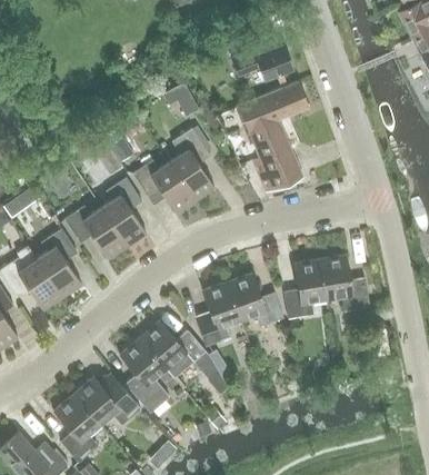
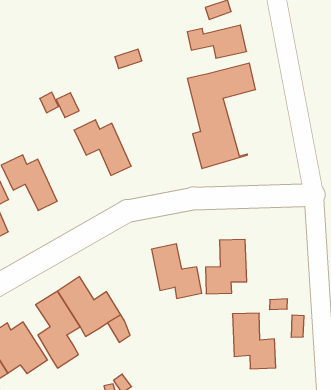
building: [169,129,214,201] -> none
building: [100,178,146,247] -> none
building: [319,254,370,310] -> [232,313,276,369]
building: [197,281,241,346] -> none

